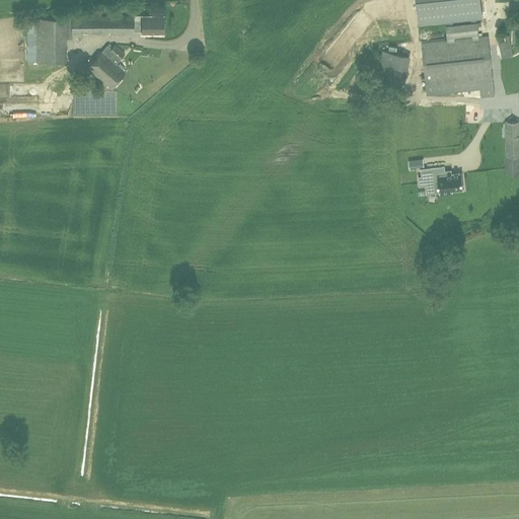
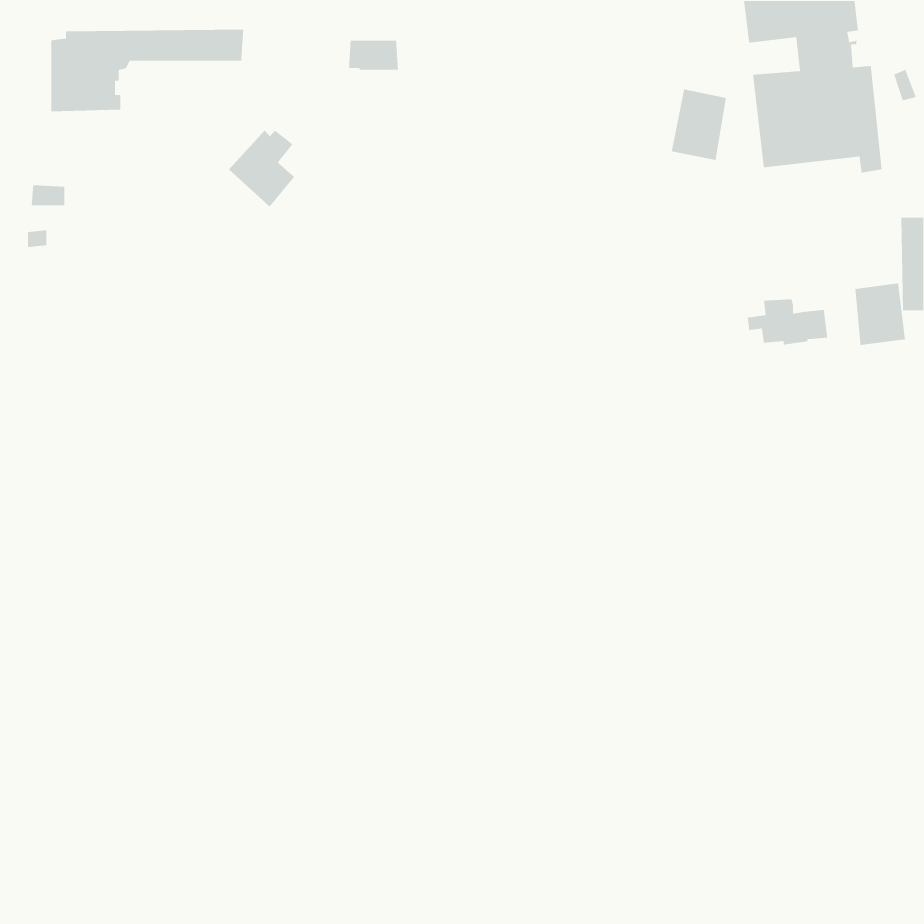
building: [136,16,164,33] -> [348,40,399,71]
building: [88,46,126,89] -> [228,130,295,208]
building: none -> [854,283,906,346]

